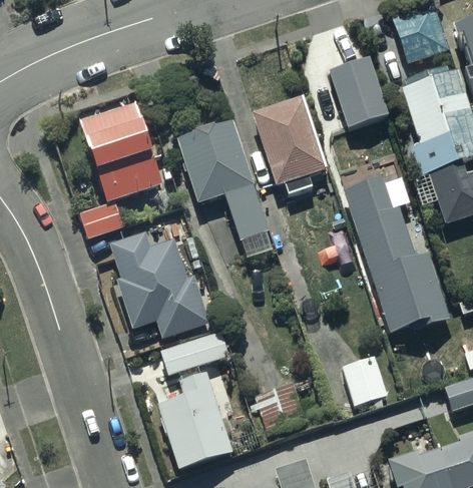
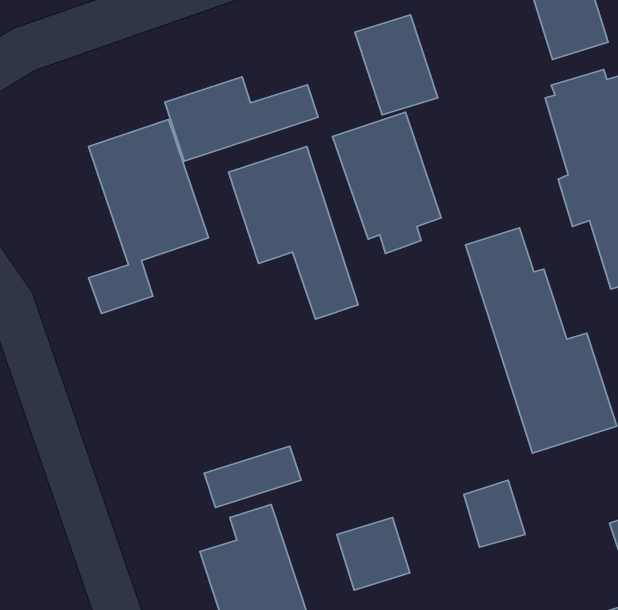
building: [330,56,388,126] -> [355,15,438,115]
building: none -> [165,77,318,161]
building: [109,231,209,338] -> none

